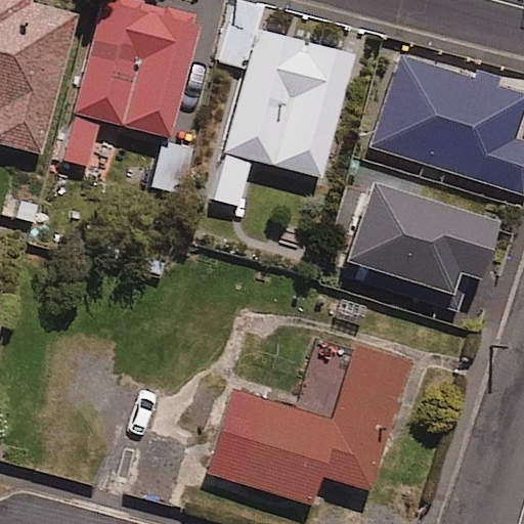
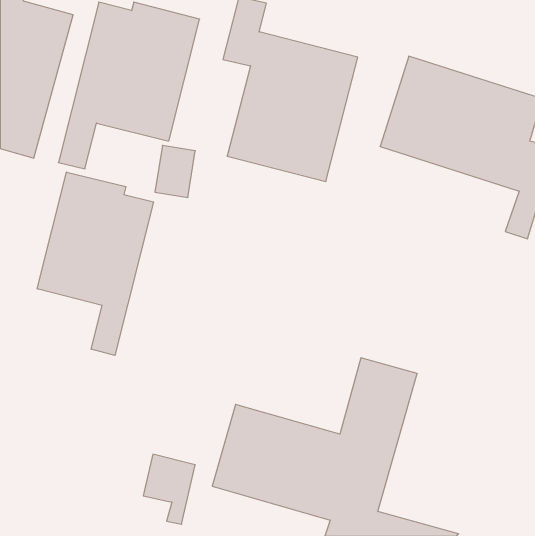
building: none -> [37,172,154,355]
building: [344,186,493,298] -> none

